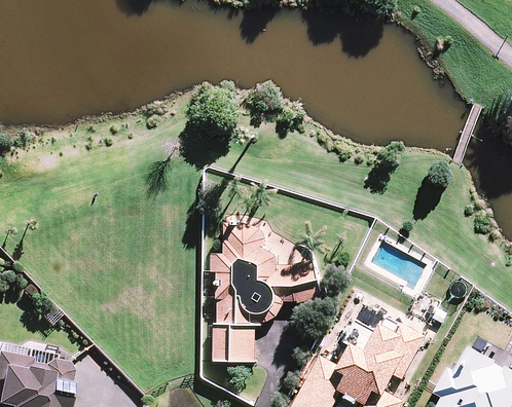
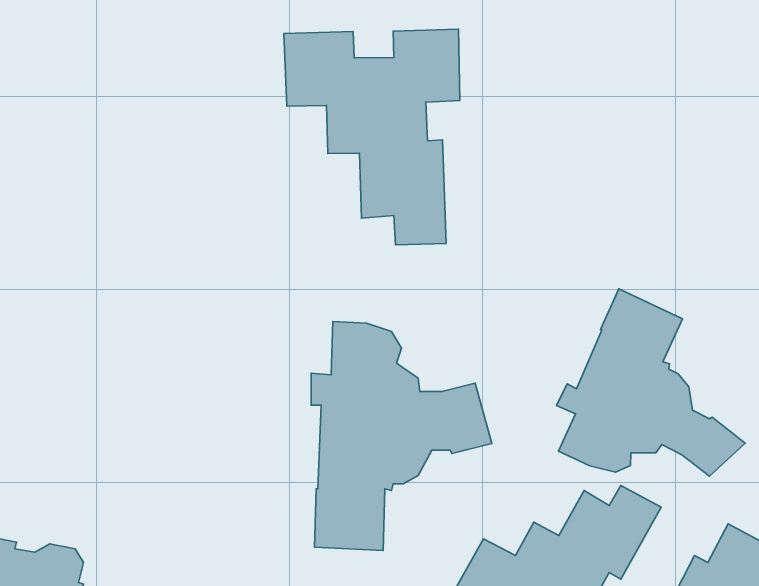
building: none -> [284,29,460,245]
building: none -> [556,289,745,476]

